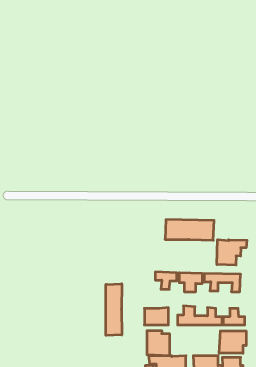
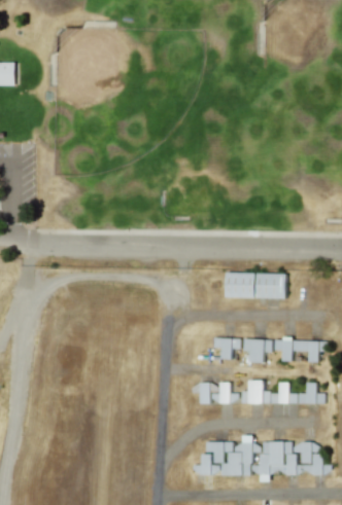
building: [217,240,247,265] -> none
building: [106,284,122,335] -> none
building: [147,331,169,356] -> none
building: [219,331,246,353] -> none

